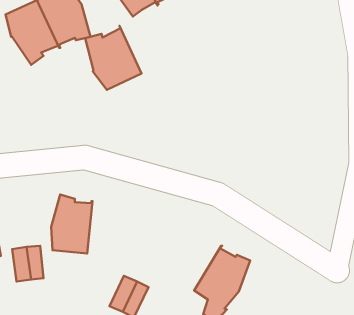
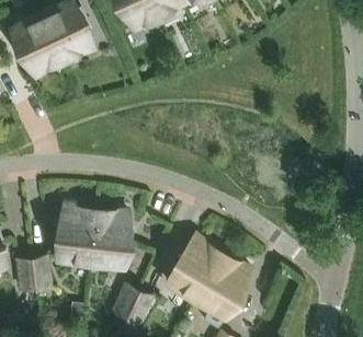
building: [85,26,142,90] -> none
building: none -> [91,211,131,267]
building: none -> [167,236,223,299]

